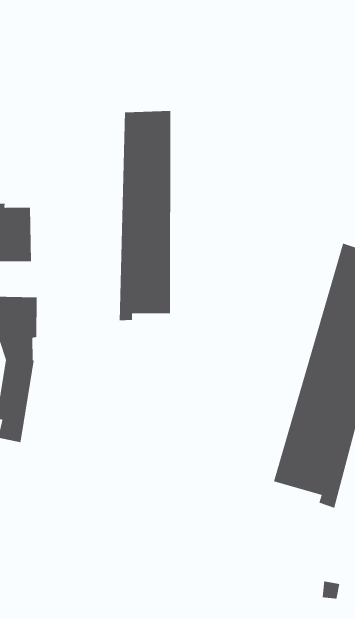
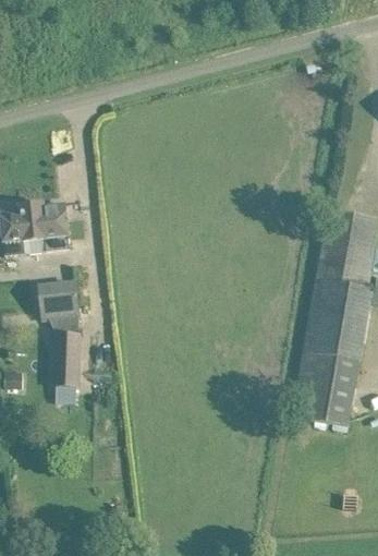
building: [119,110,171,321] -> none

